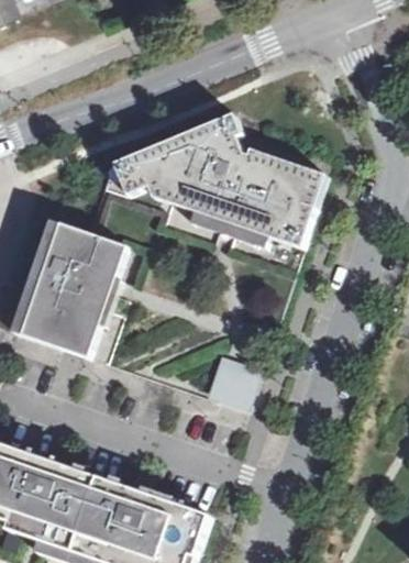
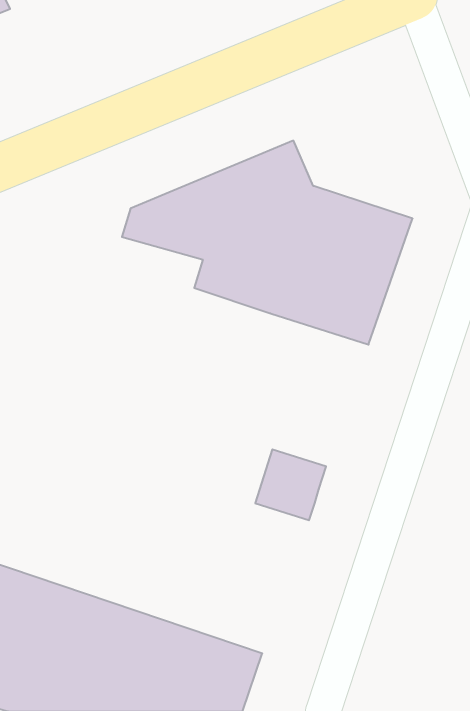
building: [12,217,147,362] -> none

